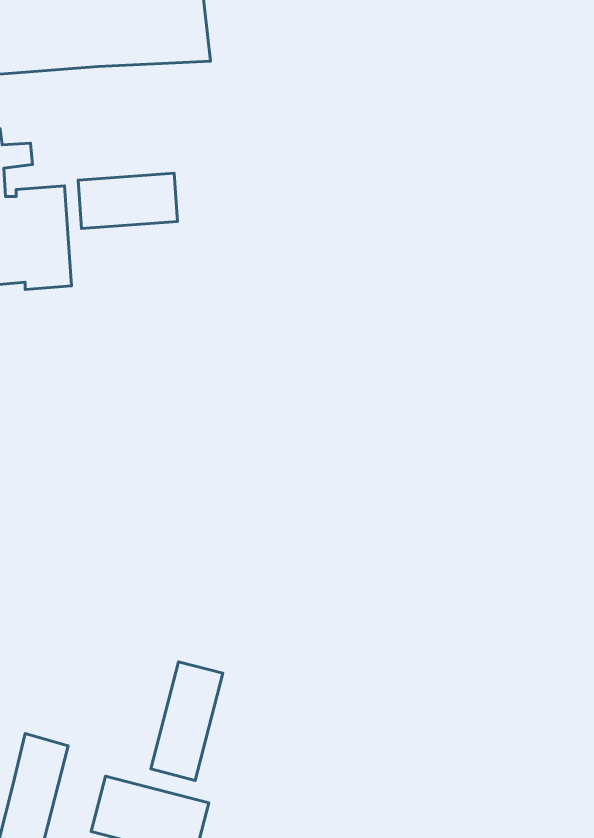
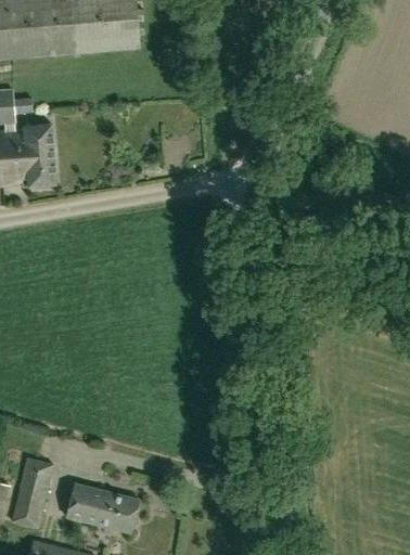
building: [78,173,178,228] -> none
building: [151,662,223,780] -> none

